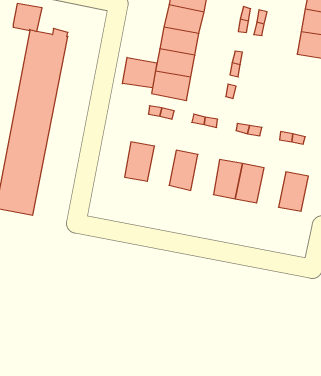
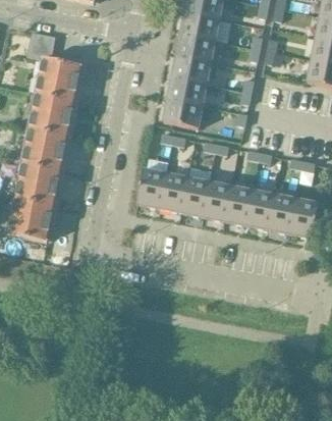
building: [122,57,157,88] -> none
building: none -> [159,171,187,210]
building: none -> [202,179,230,219]
building: none -> [267,193,295,231]

